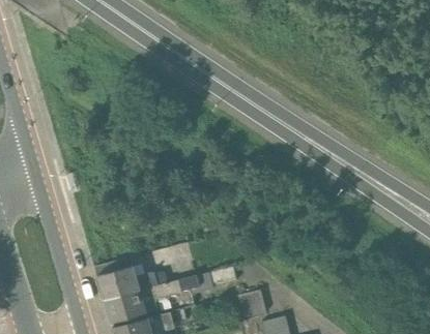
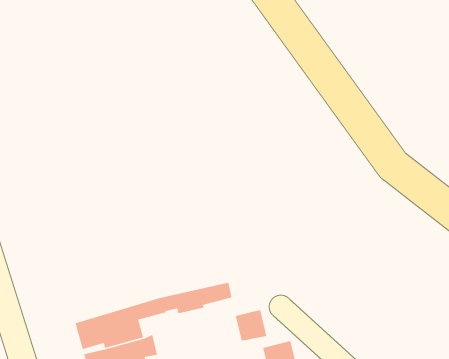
building: [92,261,172,301] -> none

